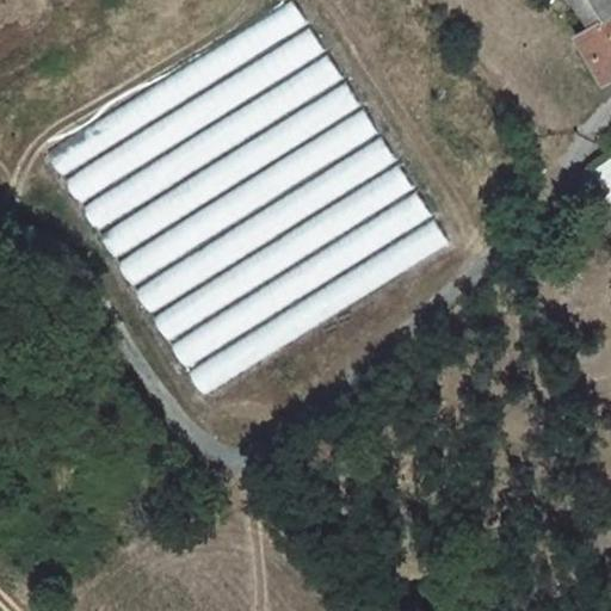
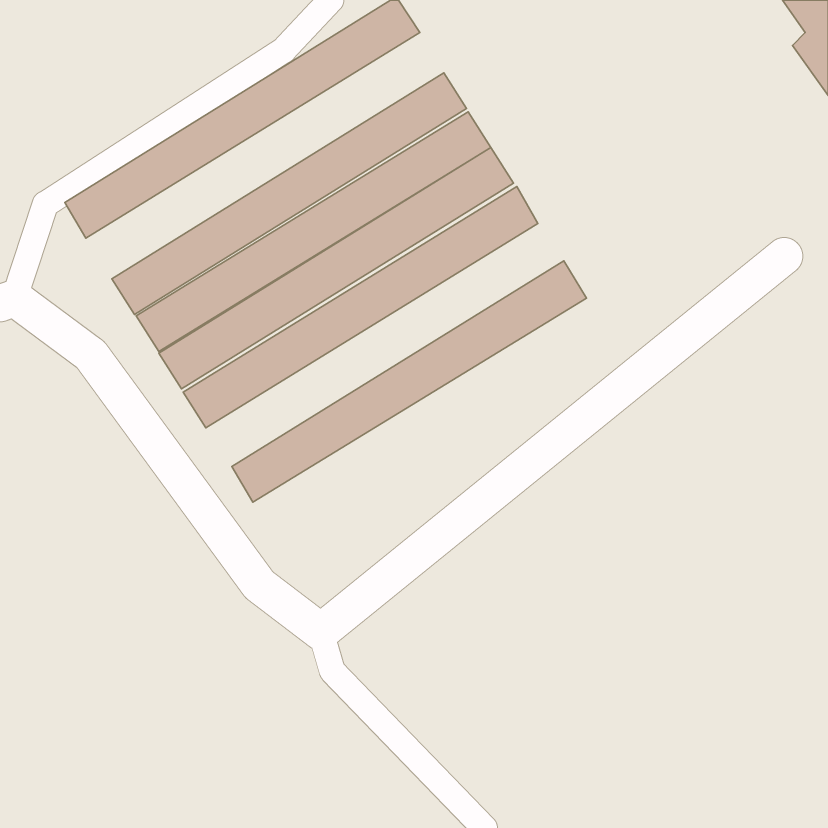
building: [64,26,326,204] -> none
building: [152,165,414,342] -> none
building: [187,220,449,397] -> none

